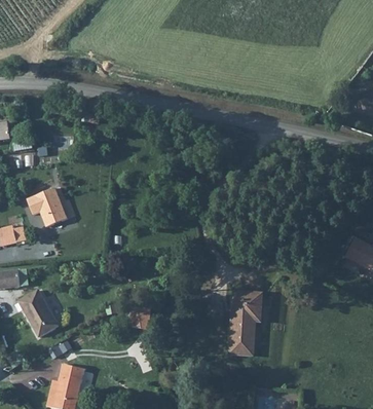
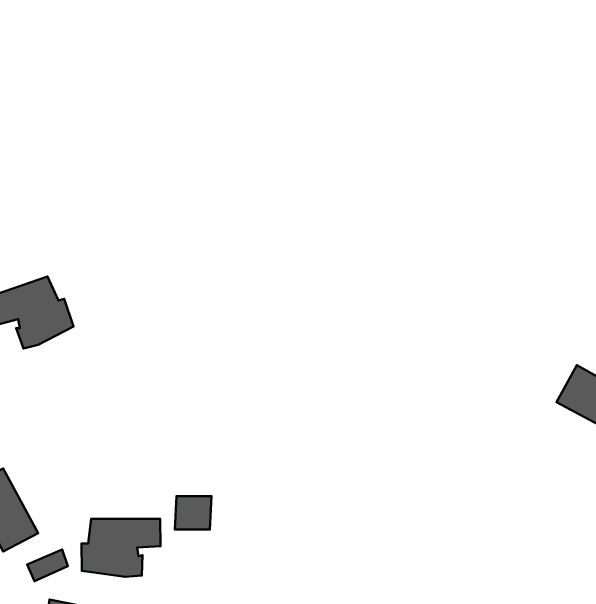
building: [230,292,264,355] -> none
building: none -> [82,519,160,577]

